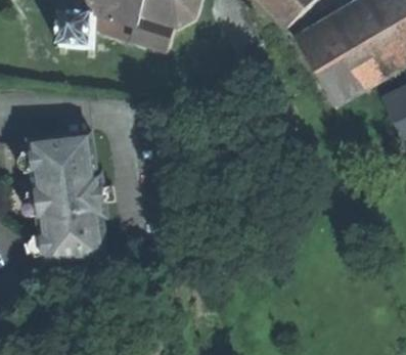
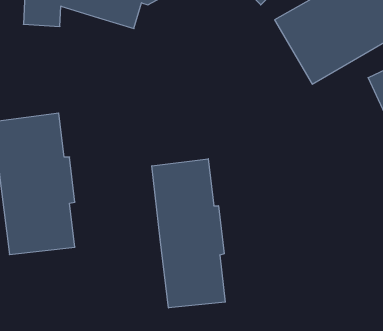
building: none -> [152,159,225,308]

